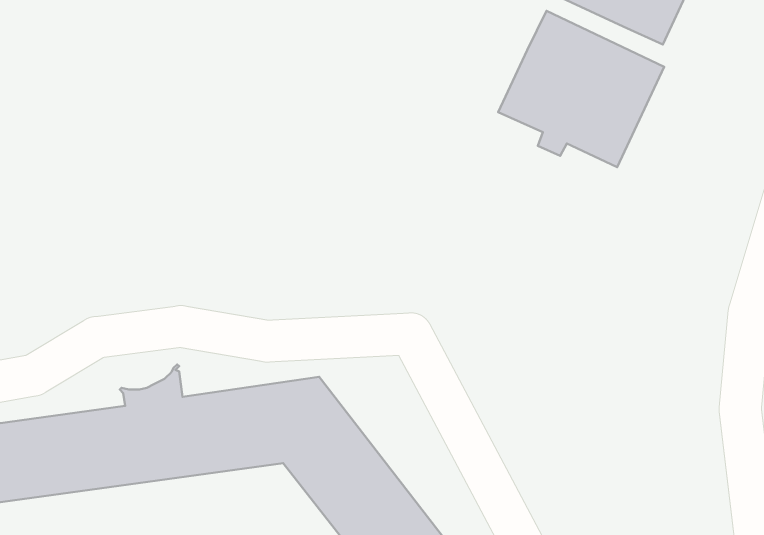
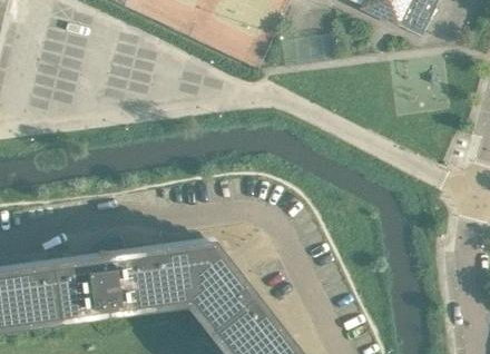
building: [498,11,664,167] -> none

